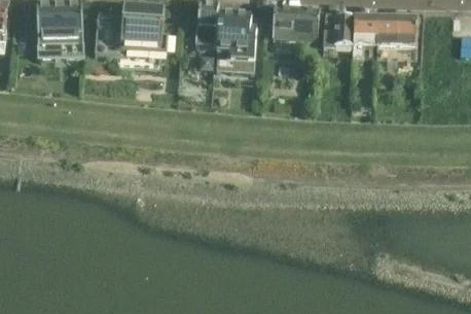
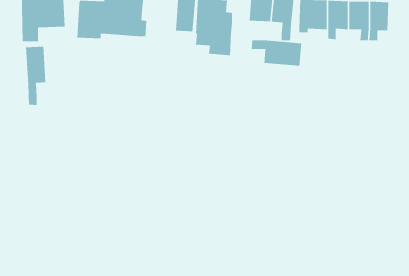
building: none -> [251,40,302,66]
building: none -> [26,46,46,106]

